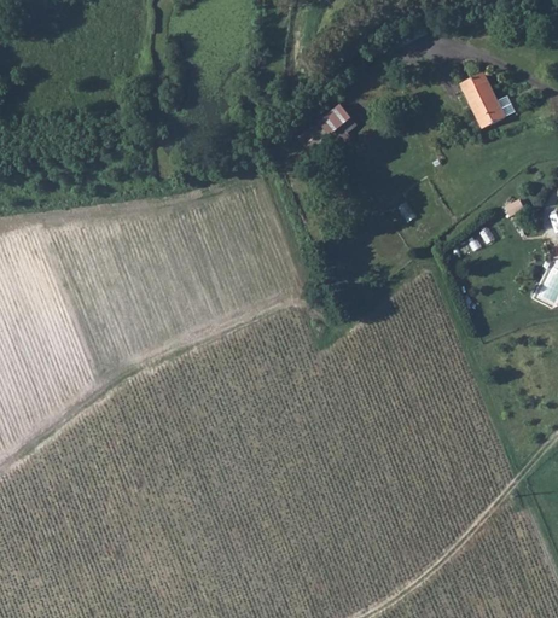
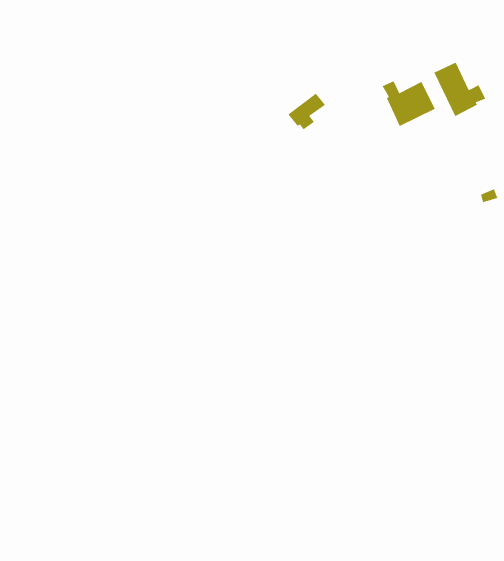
building: none -> [382,80,435,127]

